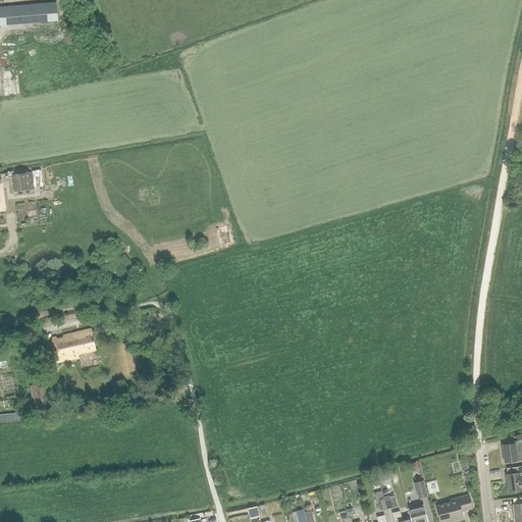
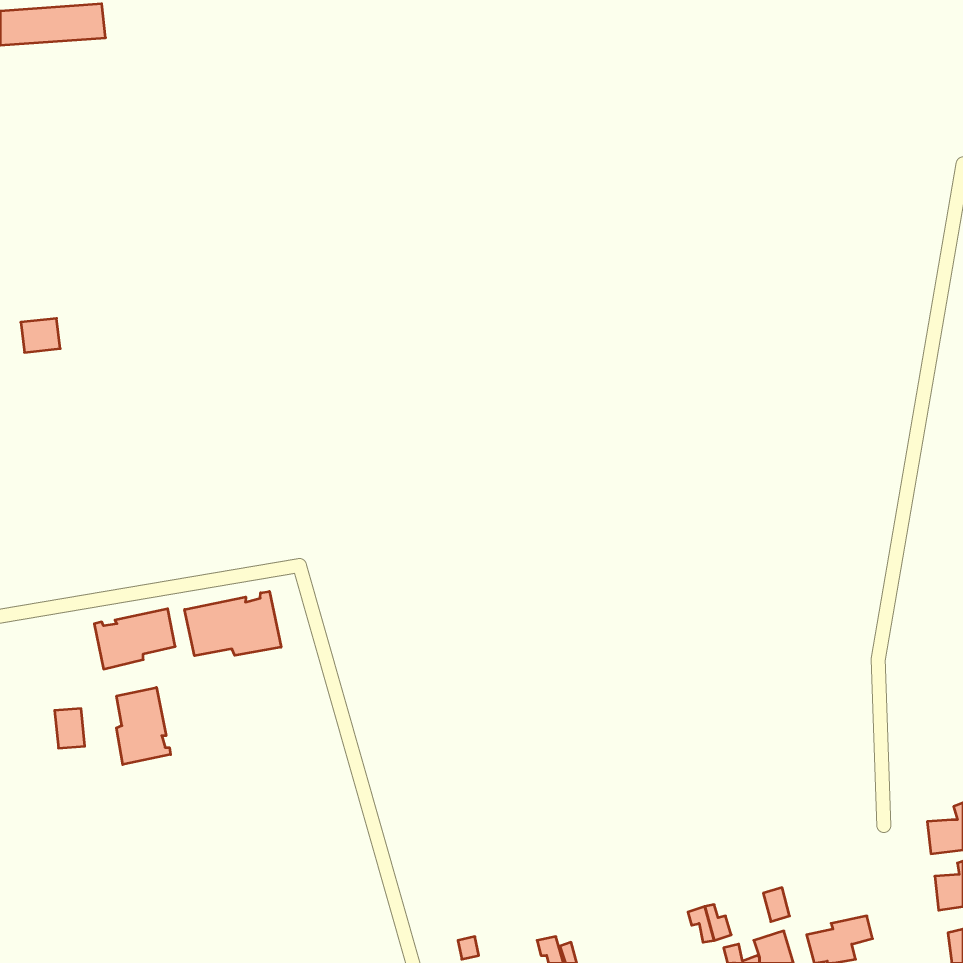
building: none -> [185,591,281,656]
building: none -> [116,687,171,765]

